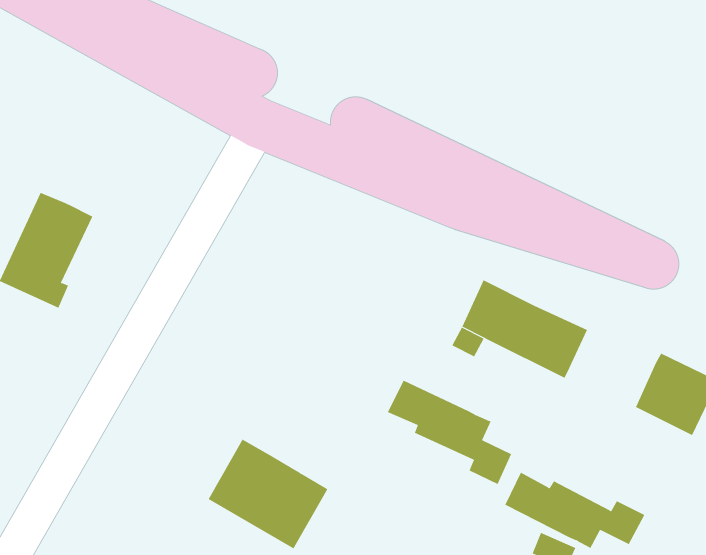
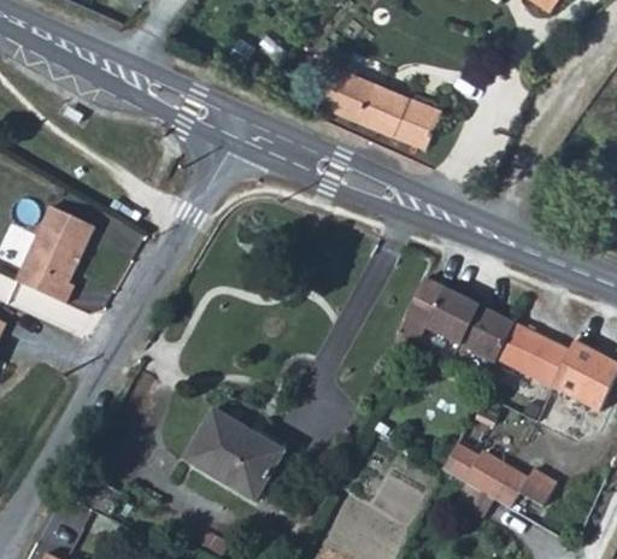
building: none -> [317,66,437,146]
building: none -> [493,322,566,387]
building: [387,380,512,485] -> none

